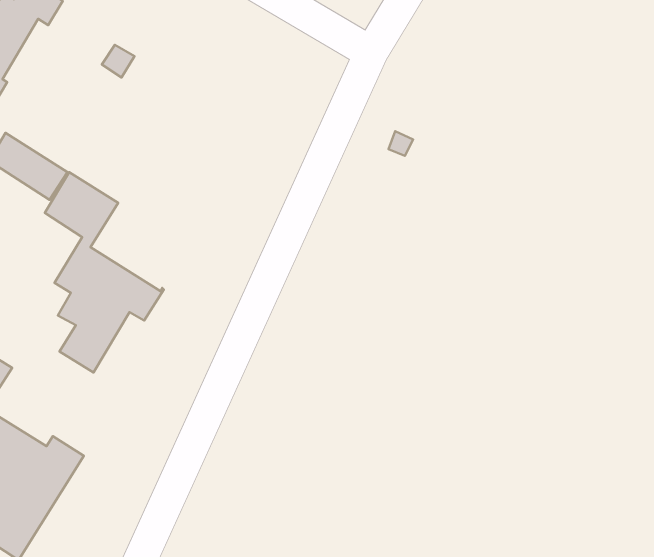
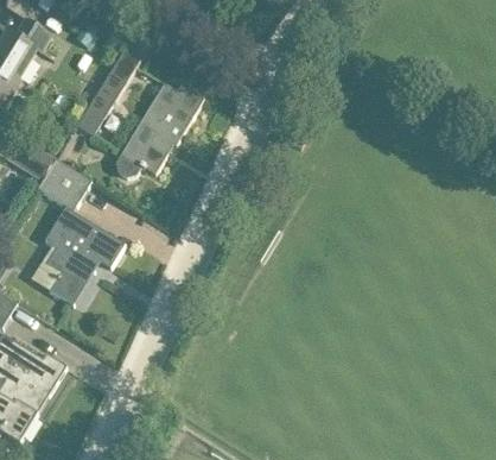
building: none -> [77,49,140,136]
building: none -> [113,82,204,176]

